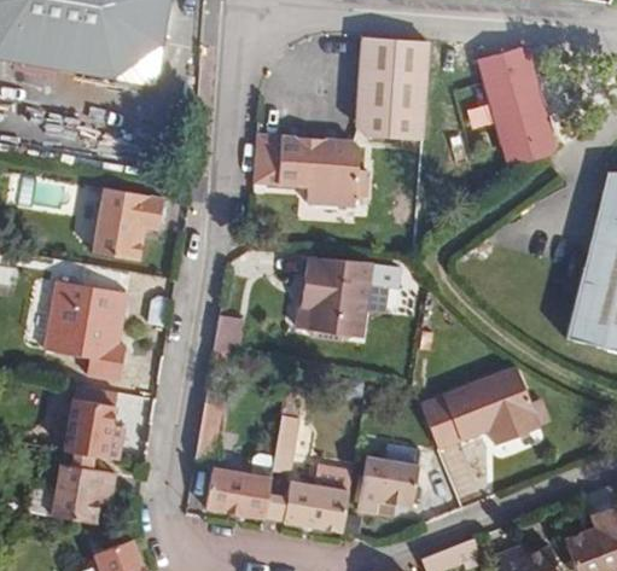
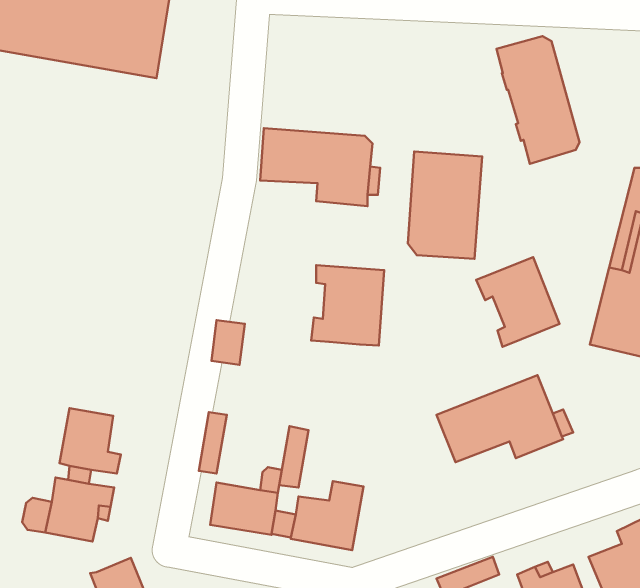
building: [357,36,427,138] -> [408,152,482,259]
building: [93,187,164,260] -> none
building: none -> [476,257,559,347]
building: [45,280,128,380] -> none
building: [357,455,419,513] -> none

